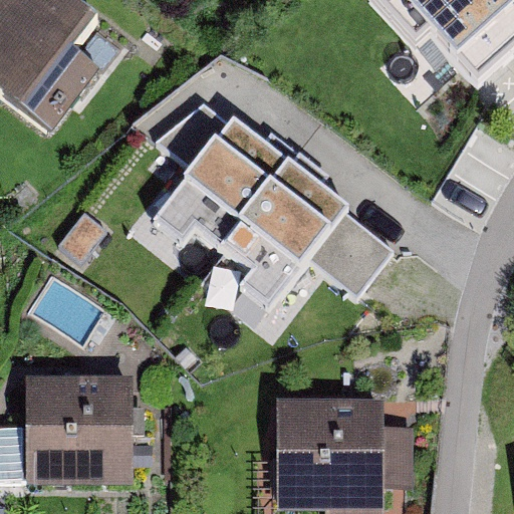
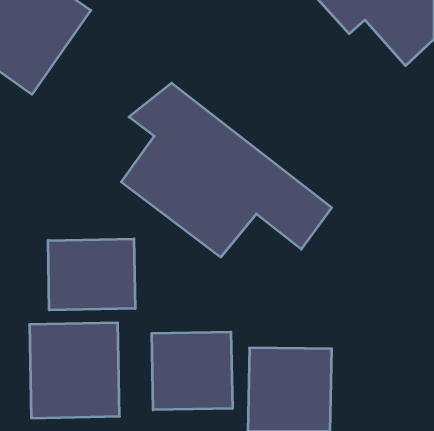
building: none -> [48,239,135,310]
building: none -> [152,332,232,410]

